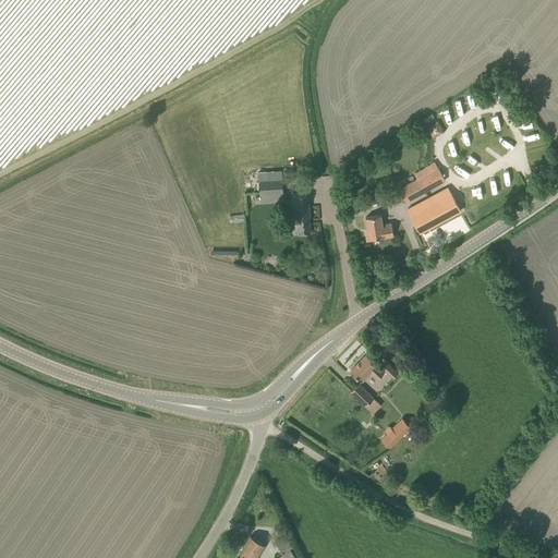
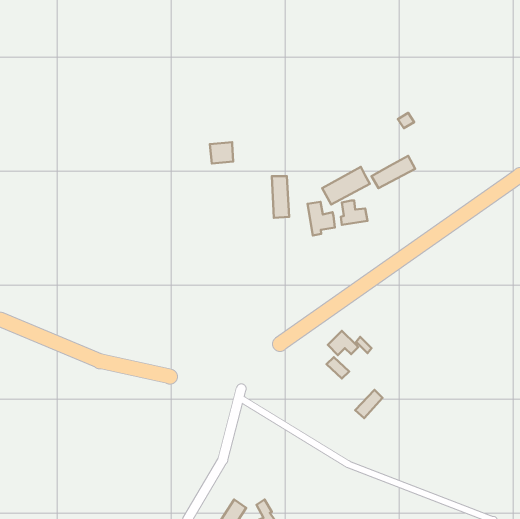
building: [257,171,282,194] -> [210,142,233,164]
building: [410,193,461,233] -> [322,167,370,204]
building: none -> [308,202,335,235]

